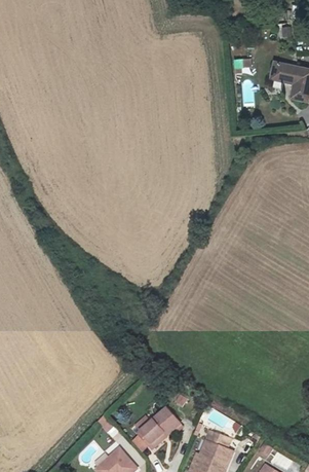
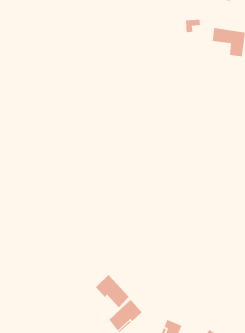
building: none -> [95,274,129,308]

